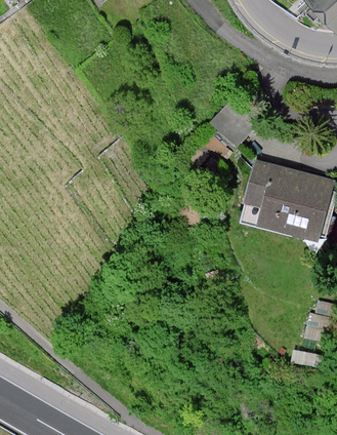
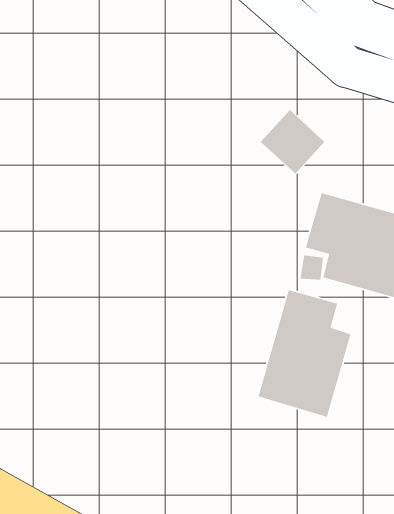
building: none -> [258,289,352,418]

